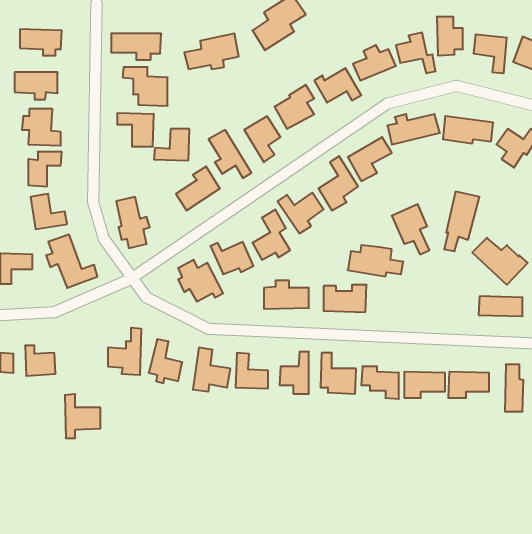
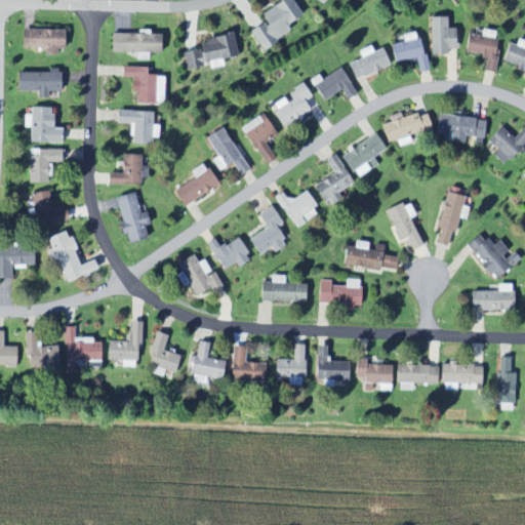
building: [154,129,189,160] -> [108,154,143,185]
building: [65,394,100,438] -> [66,326,100,369]

